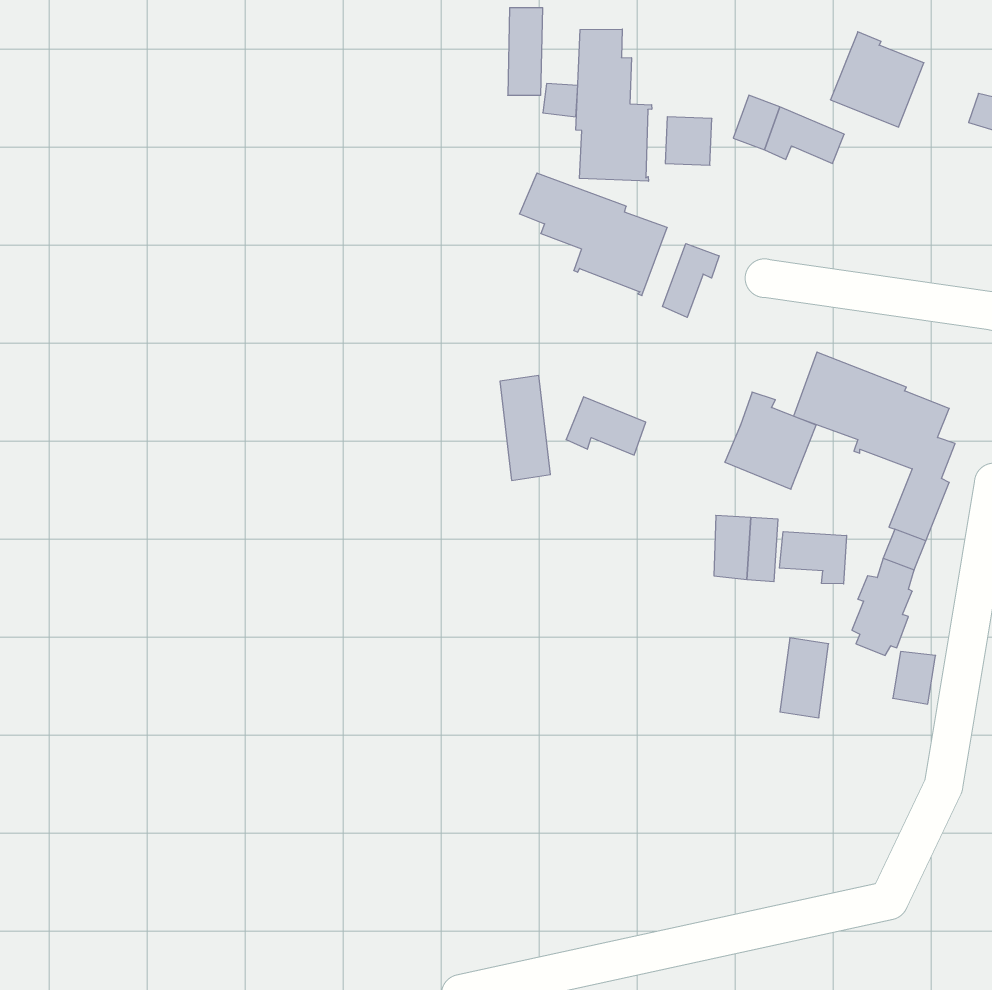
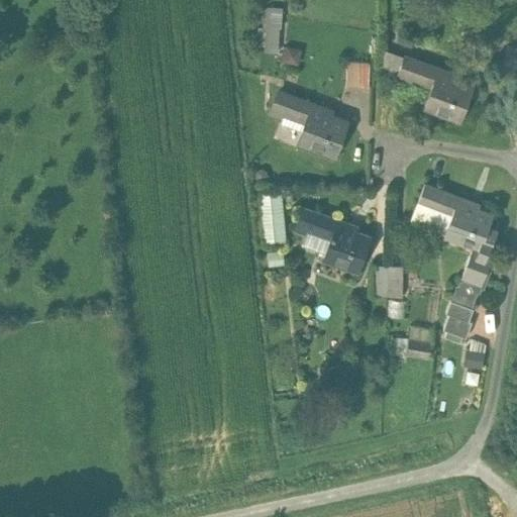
building: [576,29,652,181] -> none
building: [830,32,924,127] -> [425,72,474,121]
building: [663,244,719,317] -> none
building: [725,392,816,489] -> [322,221,370,272]
building: [779,532,847,584] -> none

